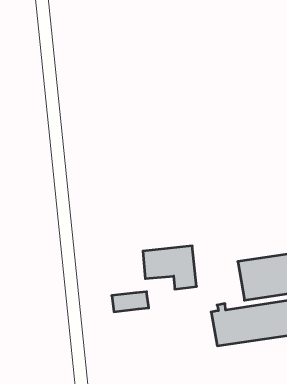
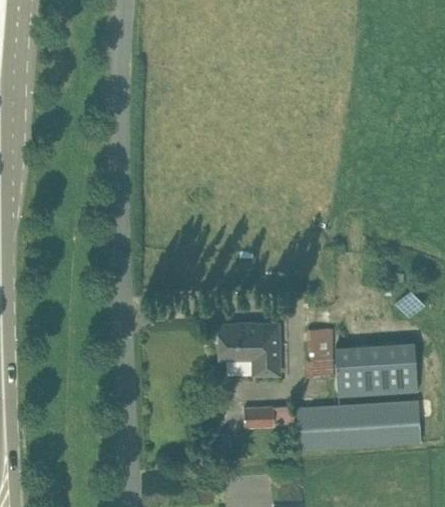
building: none -> [307,331,333,379]
building: [112,292,149,312] -> [244,408,288,429]

